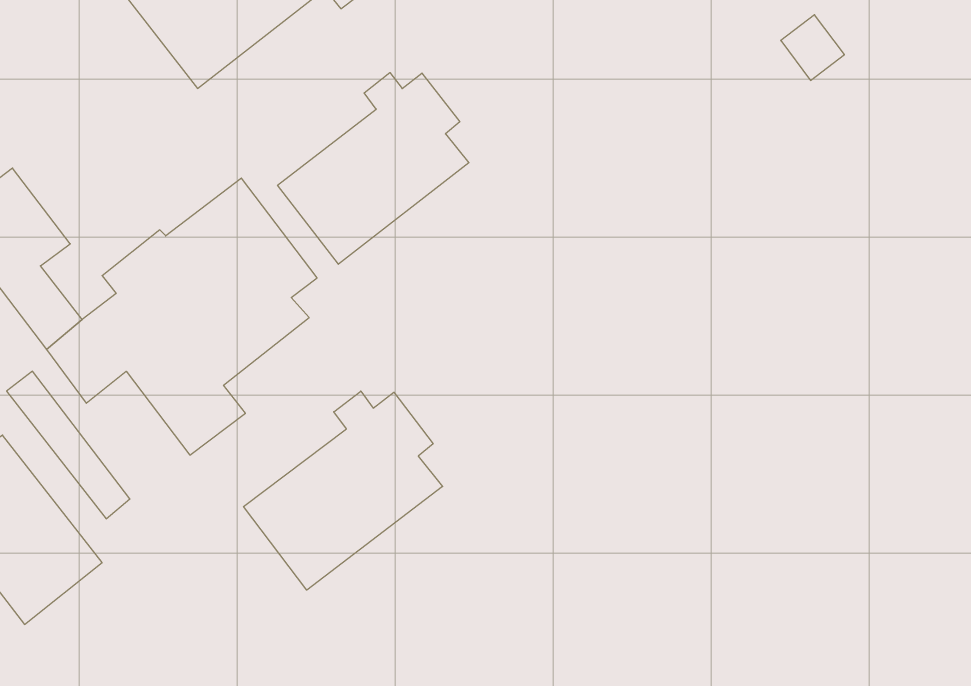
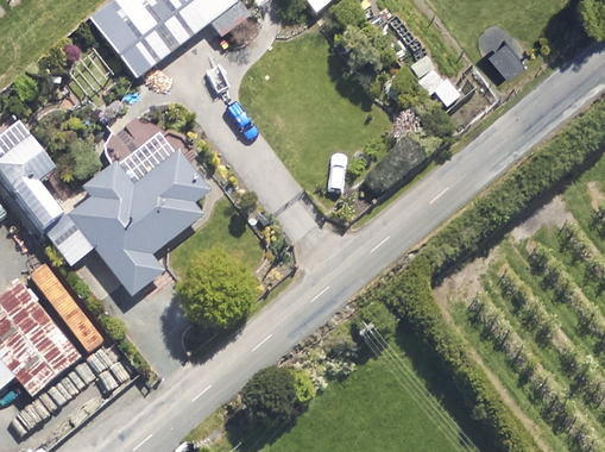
building: [278,73,469,264] -> none
building: [244,391,443,590] -> none

